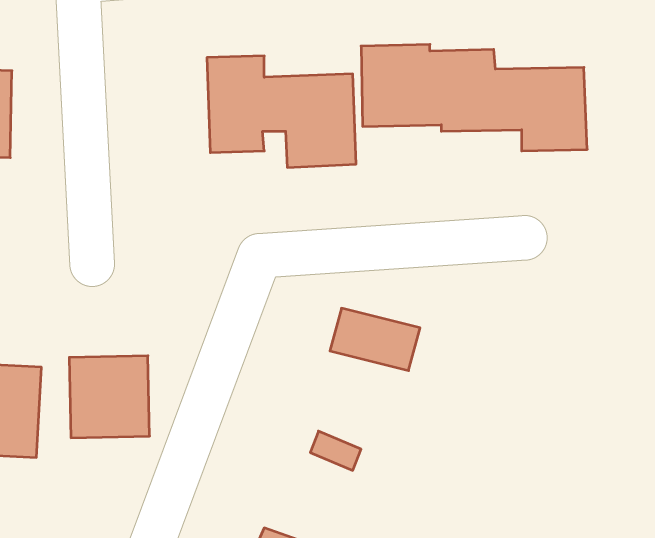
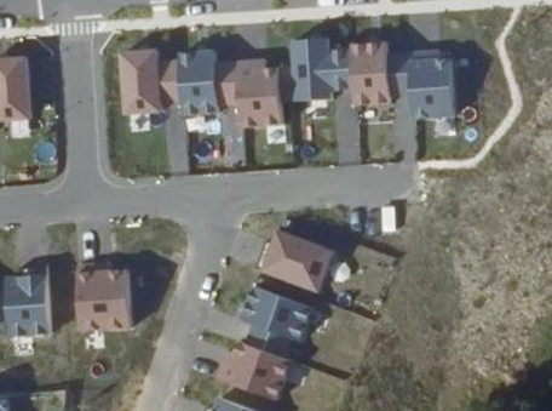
building: none -> [120,51,160,116]
building: none -> [247,286,314,335]
building: none -> [226,341,293,395]

